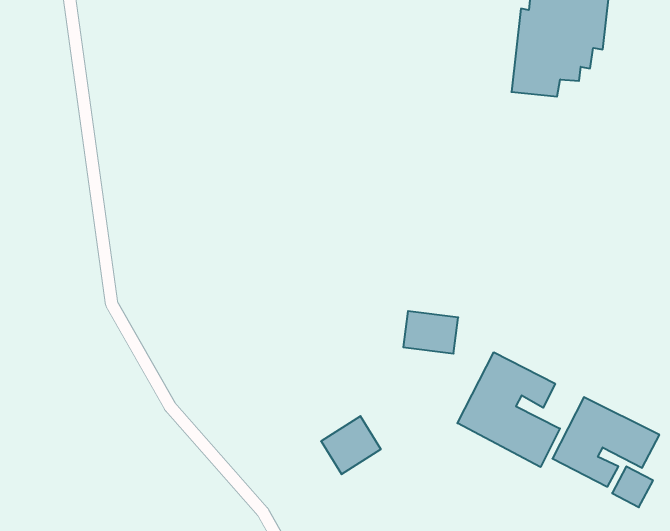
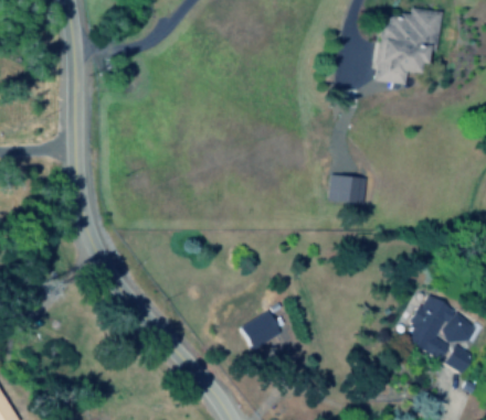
building: [403,311,458,354] -> [328,173,367,203]
building: [457,352,560,467] -> none

